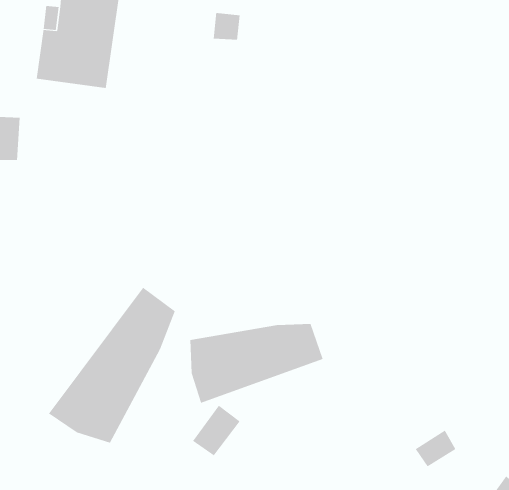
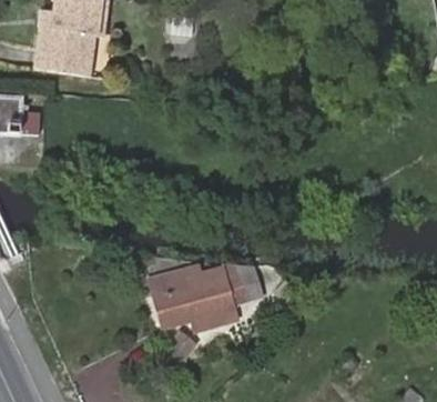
building: [48,287,176,444] -> none

